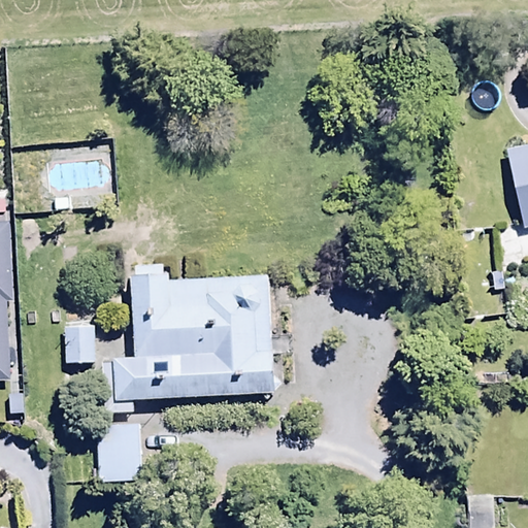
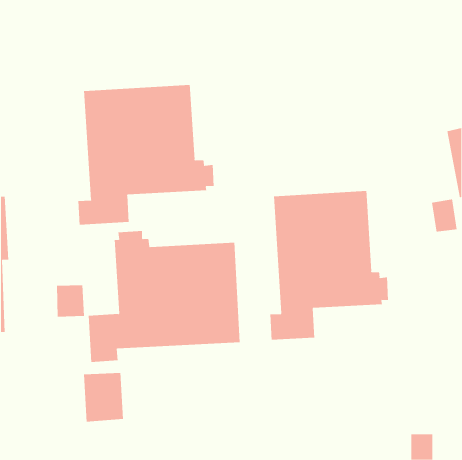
building: none -> [78,84,214,225]
building: none -> [270,190,389,341]

